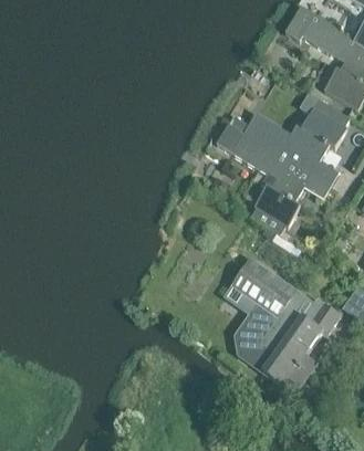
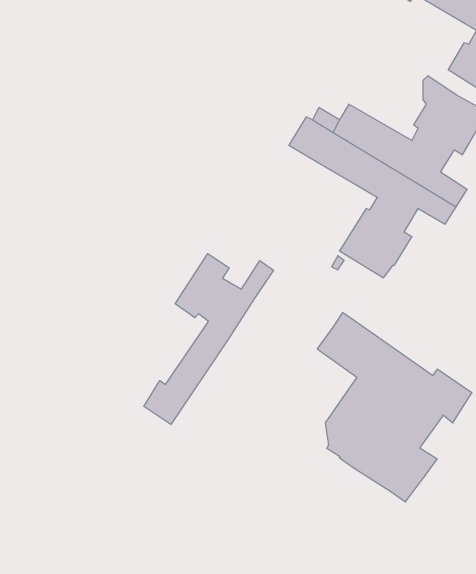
building: none -> [144,254,274,425]

